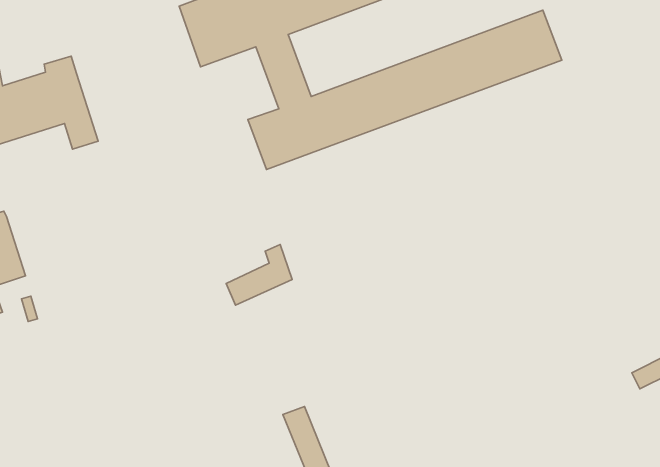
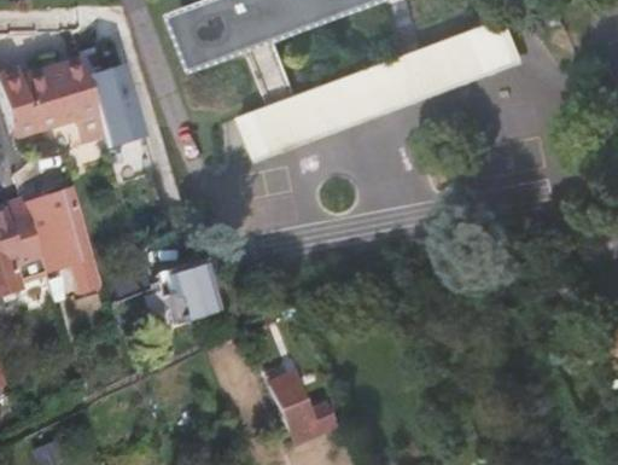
building: none -> [86,62,145,146]
building: none -> [23,188,104,291]
building: [226,244,292,305] -> [154,263,214,318]

